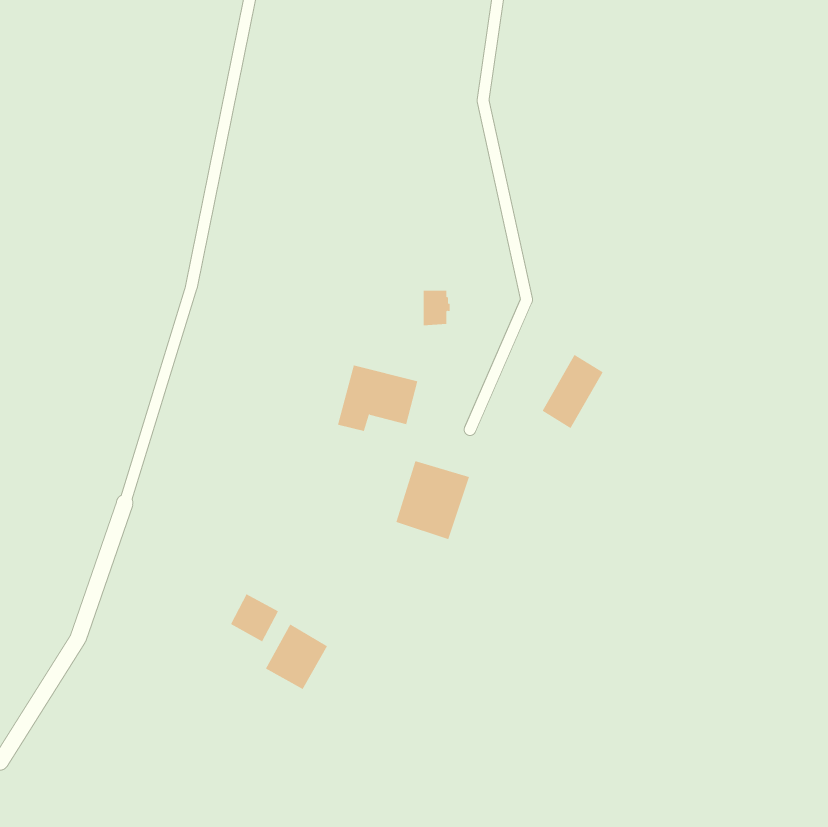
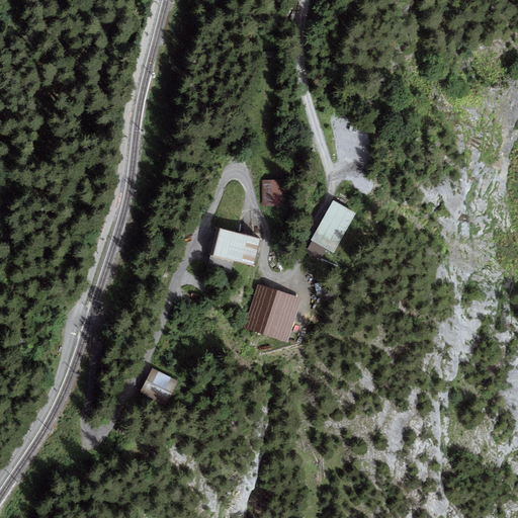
building: [542,354,603,429] -> [314,202,352,249]
building: [265,623,328,690] -> none

